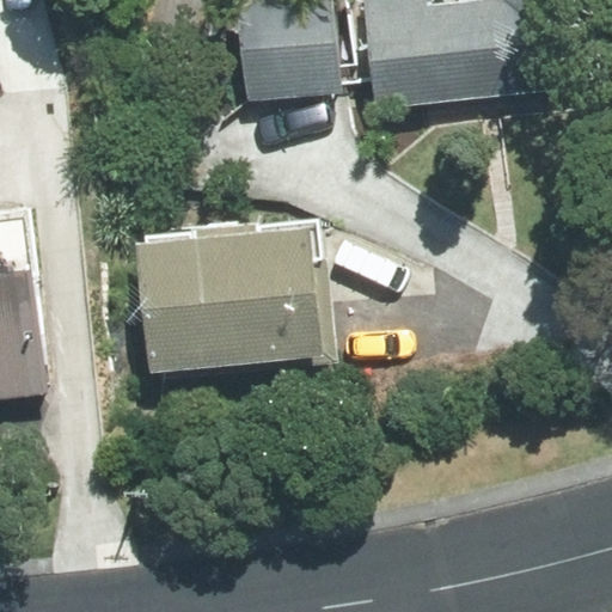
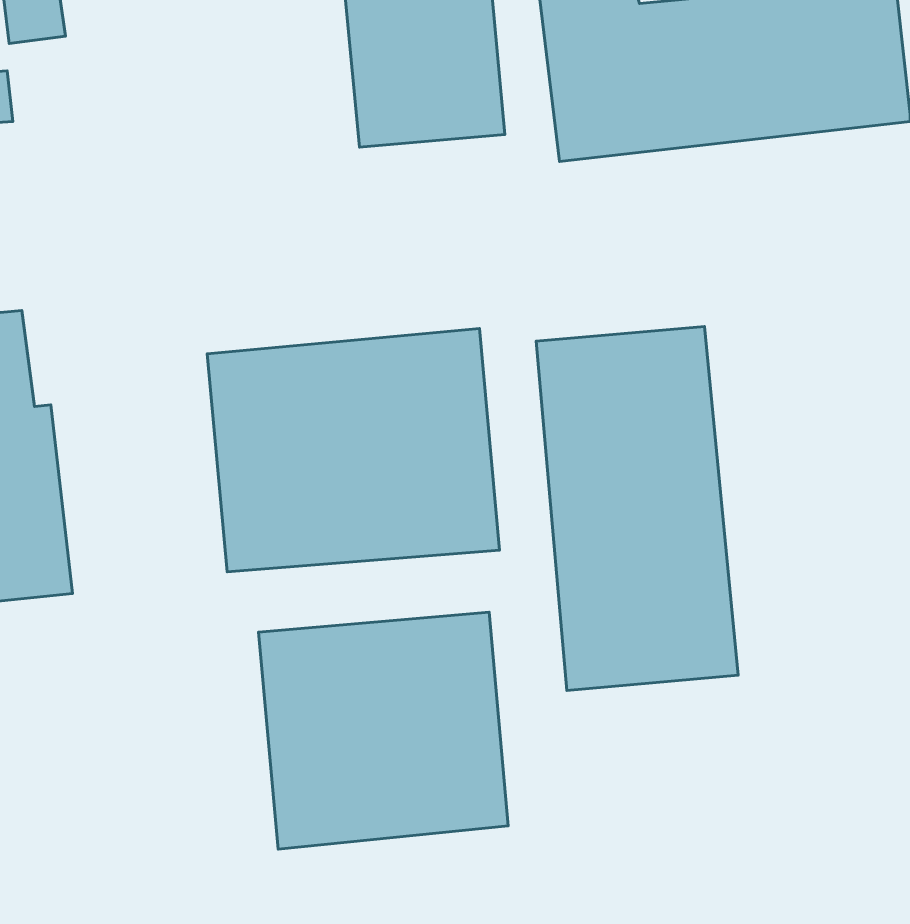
building: none -> [536,326,738,690]
building: none -> [259,612,508,849]

